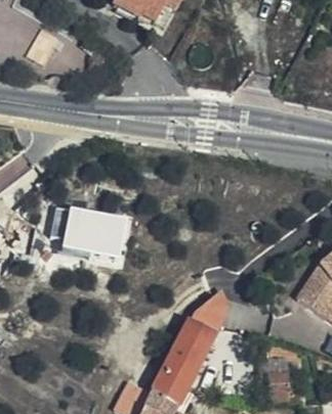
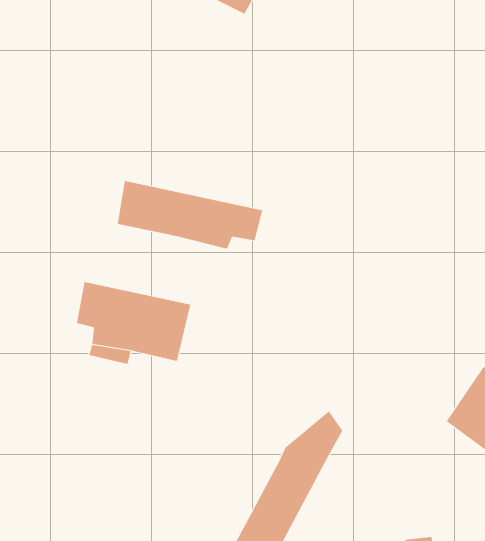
building: none -> [117,180,263,249]

